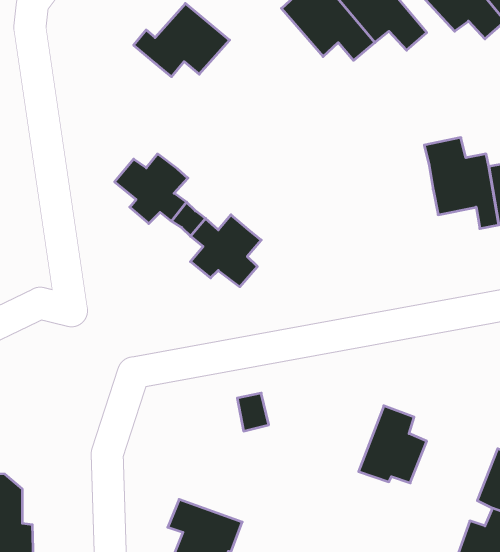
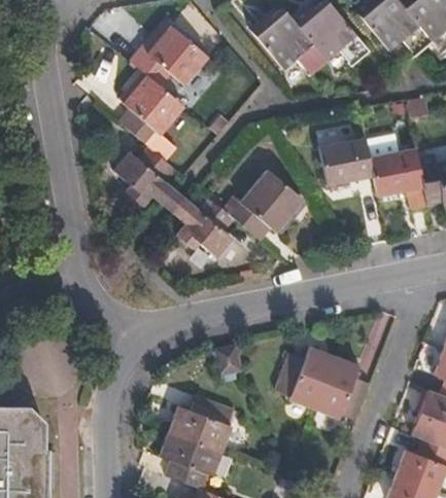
building: none -> [122,76,185,162]
building: none -> [321,138,375,186]
building: none -> [225,172,304,242]
building: none -> [275,344,335,407]
building: none -> [168,393,232,449]

